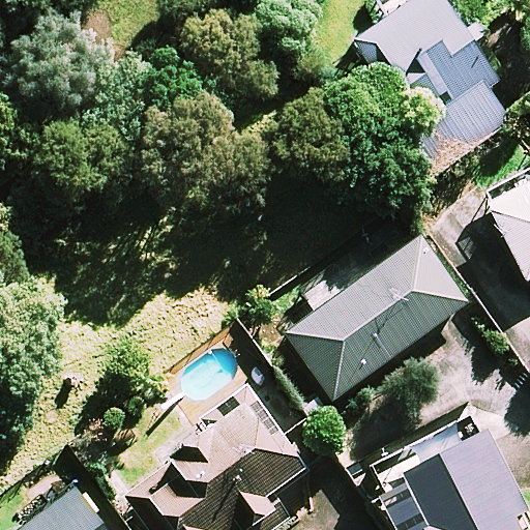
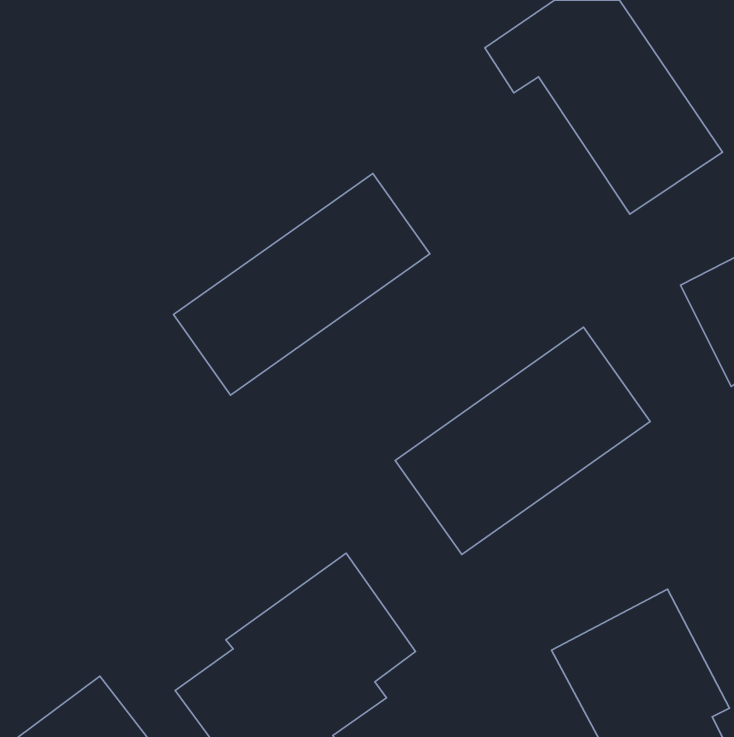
building: none -> [173,173,430,395]

